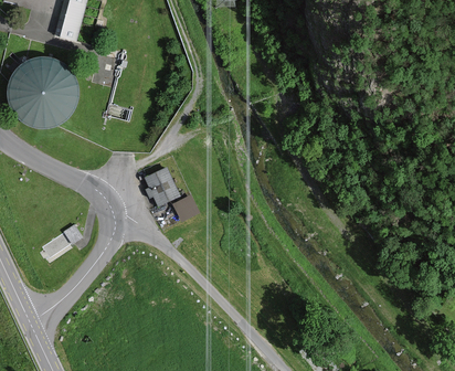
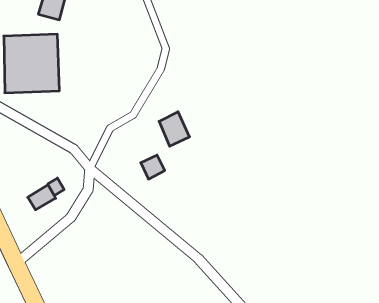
building: [142,169,178,209] -> [159,112,190,146]

